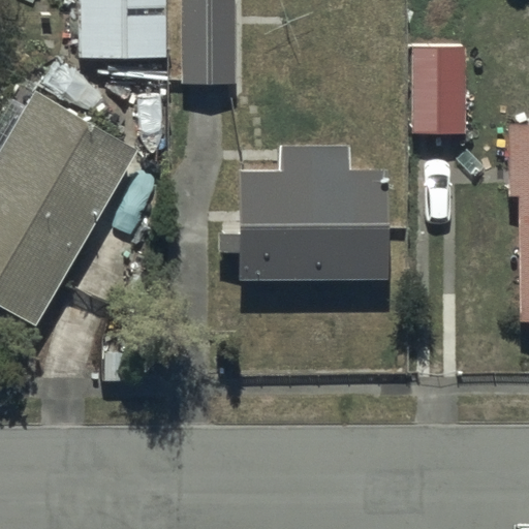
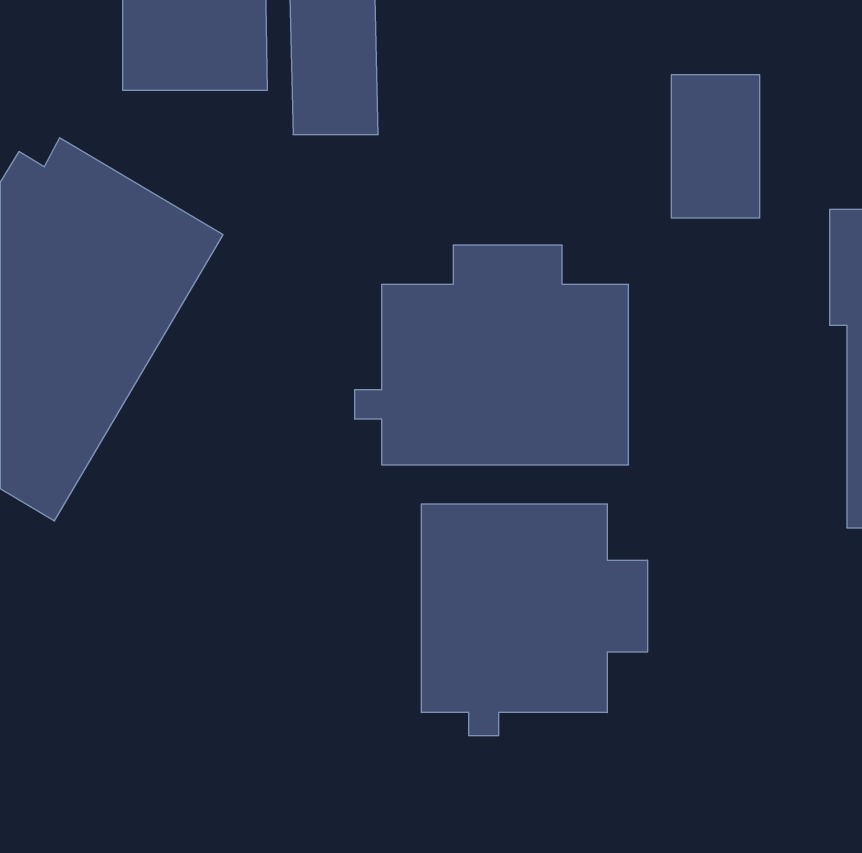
building: none -> [421,504,648,736]

